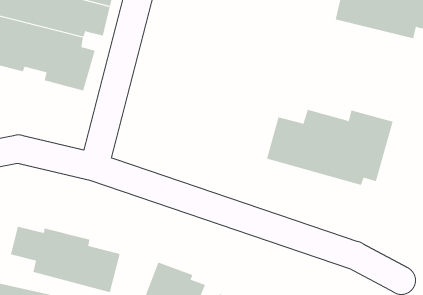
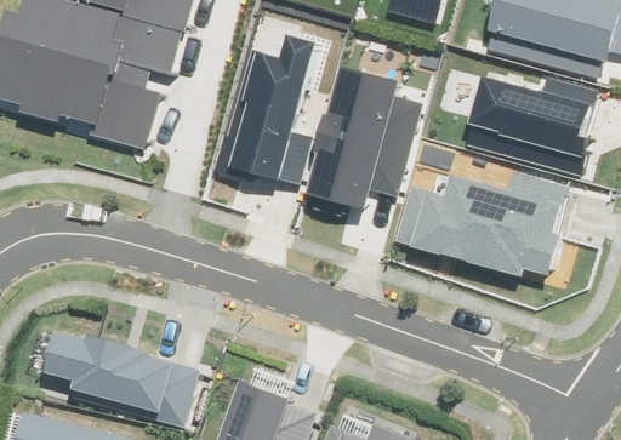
building: none -> [226,30,318,177]
building: none -> [309,67,422,207]
building: none -> [465,74,593,173]

